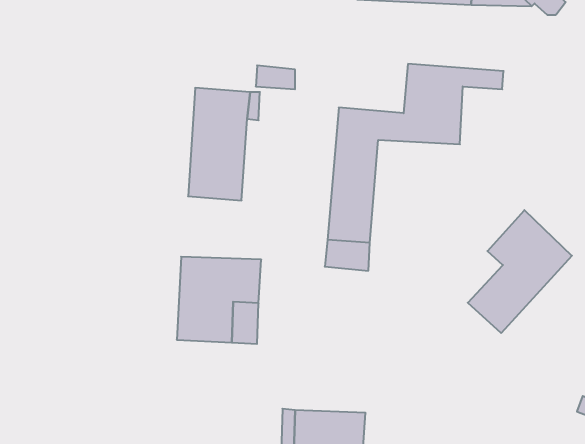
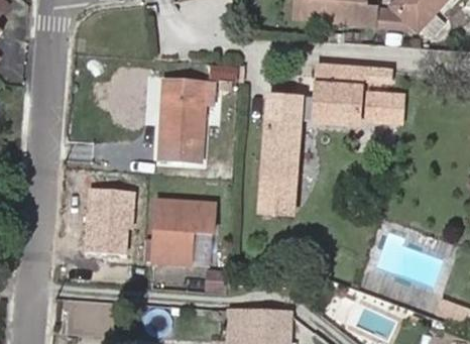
building: none -> [367,94,400,120]
building: [468,210,572,333] -> none
building: none -> [84,191,132,256]

